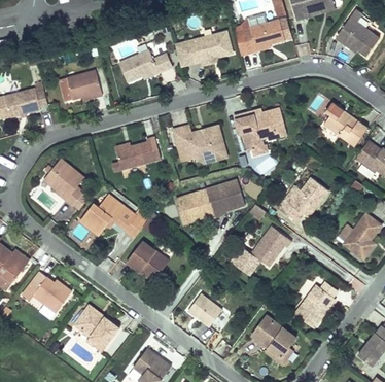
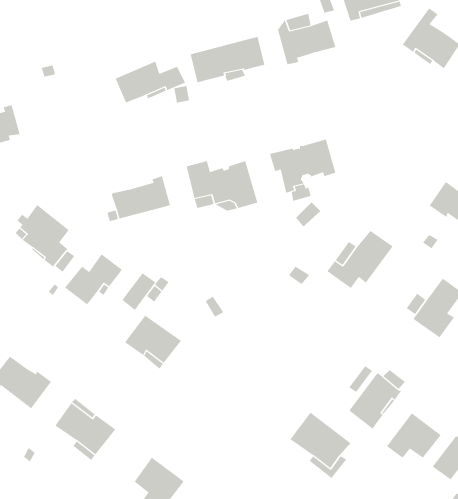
building: [59,70,102,101] -> none
building: [323,102,368,146] -> none
building: [175,179,244,223] -> none
building: [231,225,291,275] -> none
building: [187,293,221,326] -> none
building: none -> [386,412,441,459]

